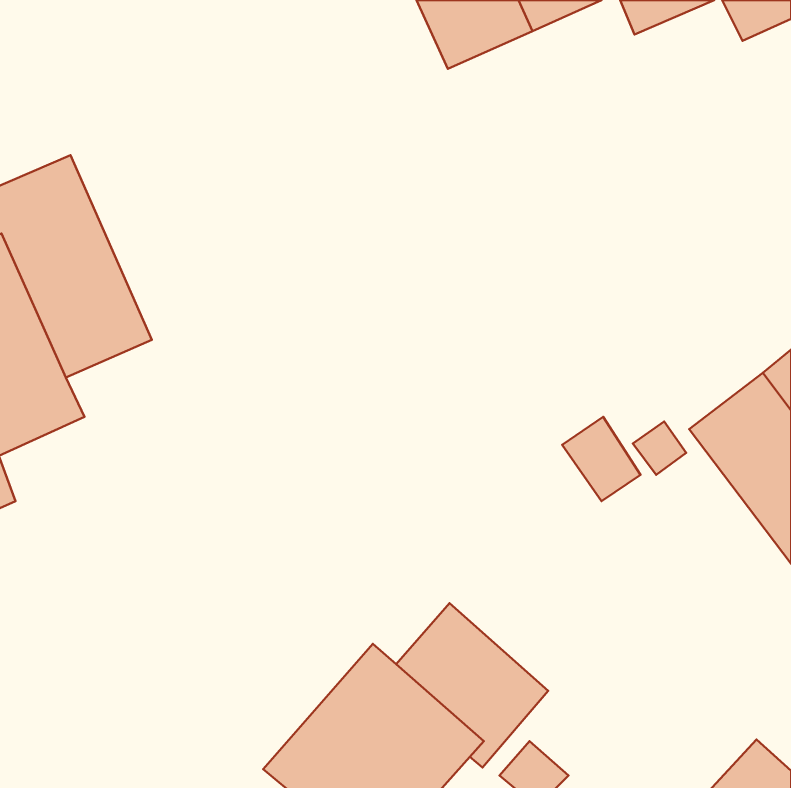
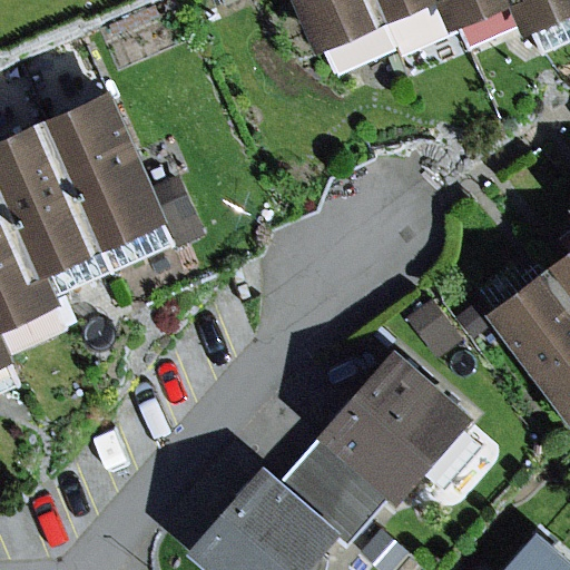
building: none -> [50,92,168,250]
building: none -> [320,351,476,508]

